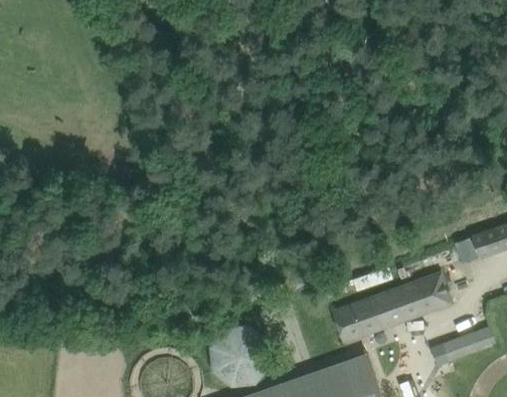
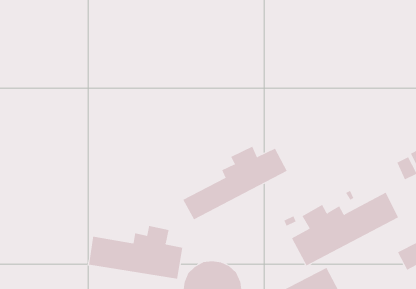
building: none -> [182,146,287,220]
building: none -> [88,225,183,280]

